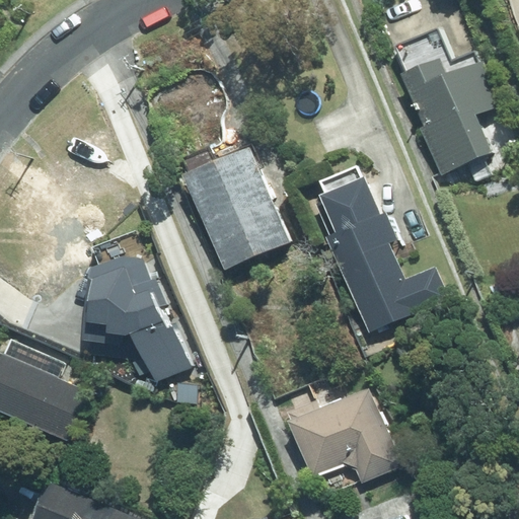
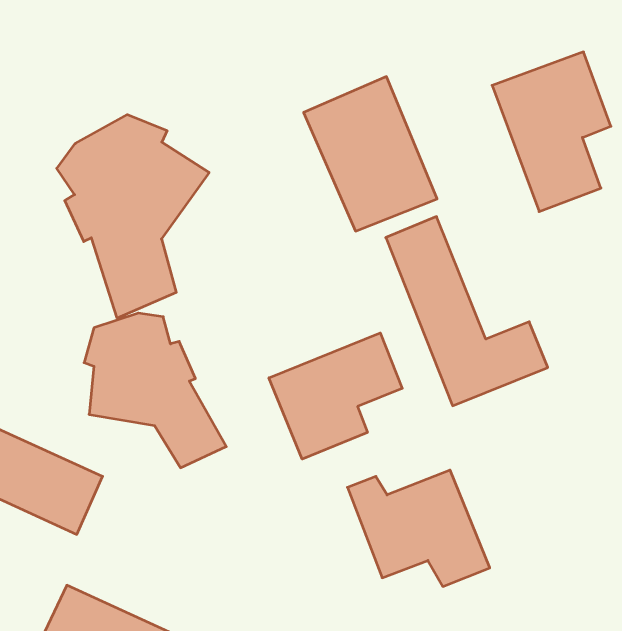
building: none -> [57,115,209,318]
building: [180,142,290,269] -> [304,77,437,231]
building: none -> [269,333,402,459]

